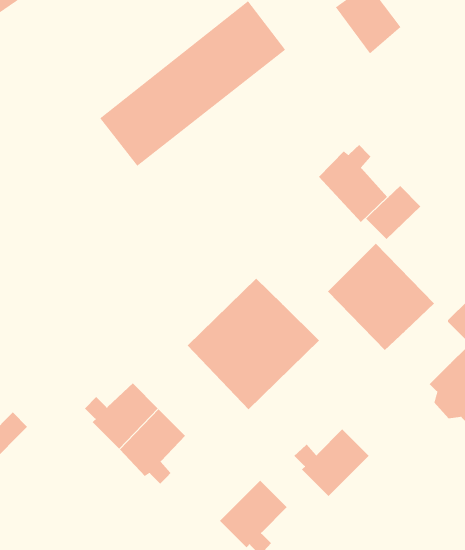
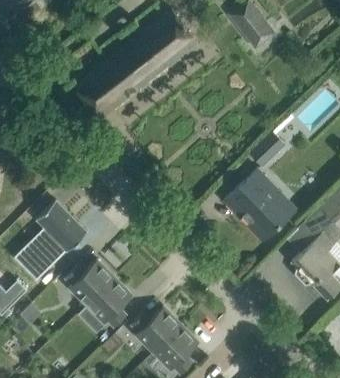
building: [318,144,388,223] -> none
building: [187,278,320,410] -> none
building: none -> [18,201,86,282]
building: [294,429,370,497] -> [130,308,180,353]

